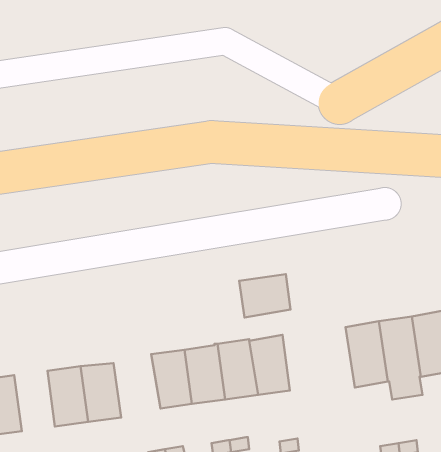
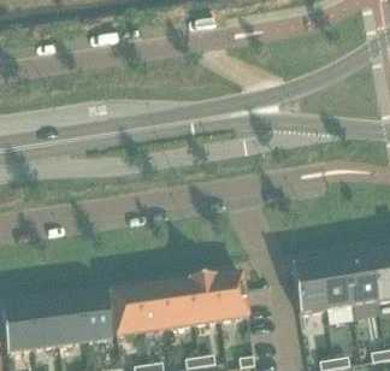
building: [239,274,291,318] -> none
building: none -> [111,285,144,334]
building: none -> [28,299,60,347]

